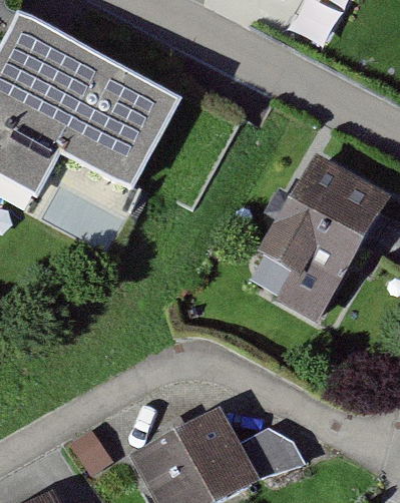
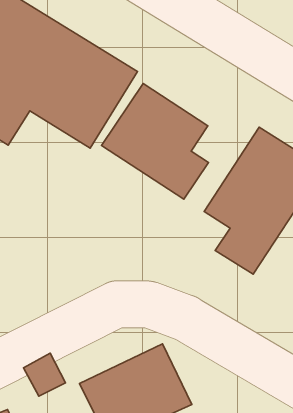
building: none -> [102,83,209,199]

